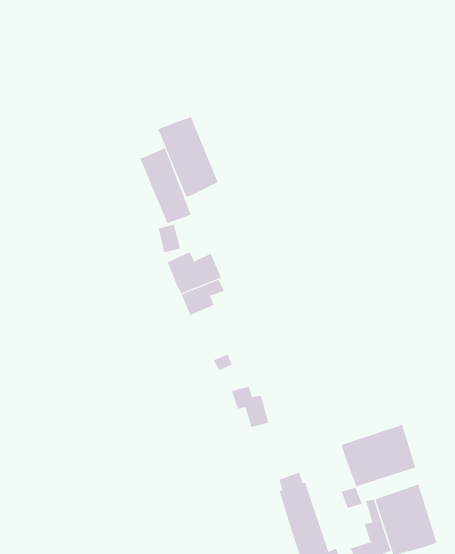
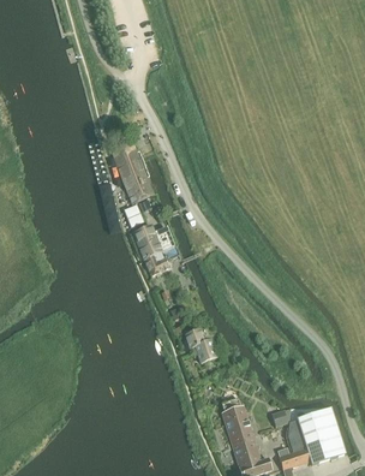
building: [158,116,218,197] -> none
building: [341,424,416,487] -> none

